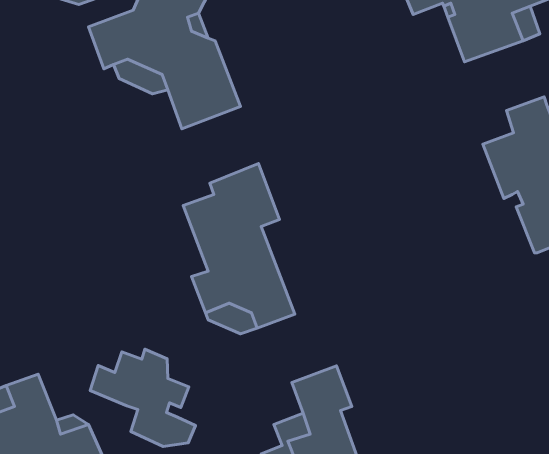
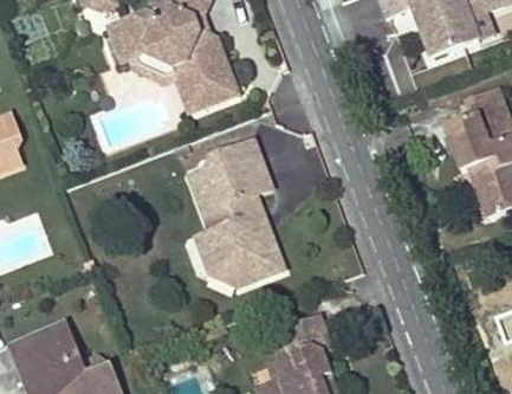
building: [90,349,195,447] -> none

